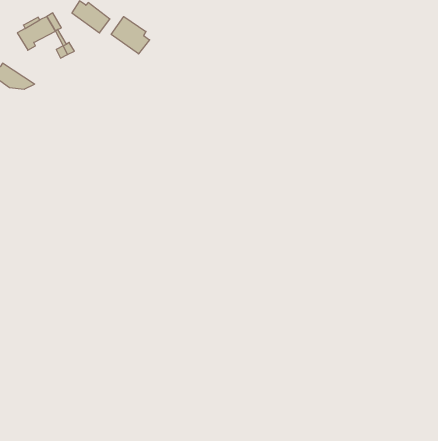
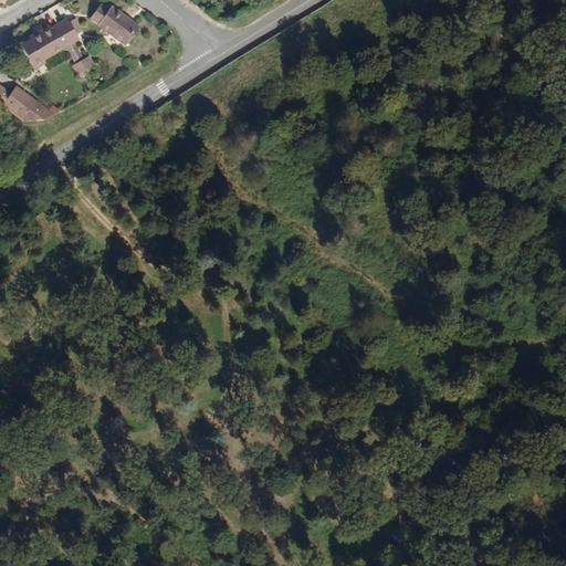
building: [111,17,150,54] -> none

